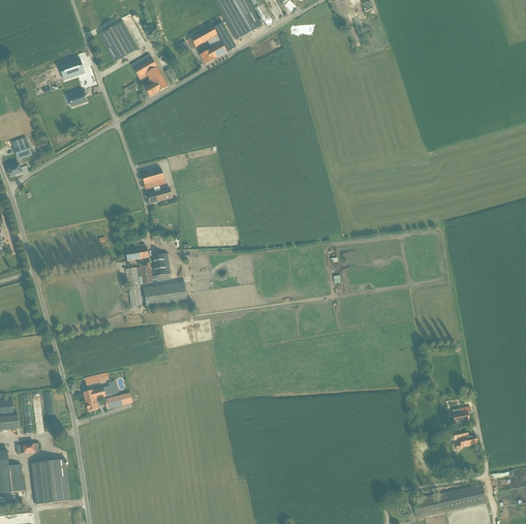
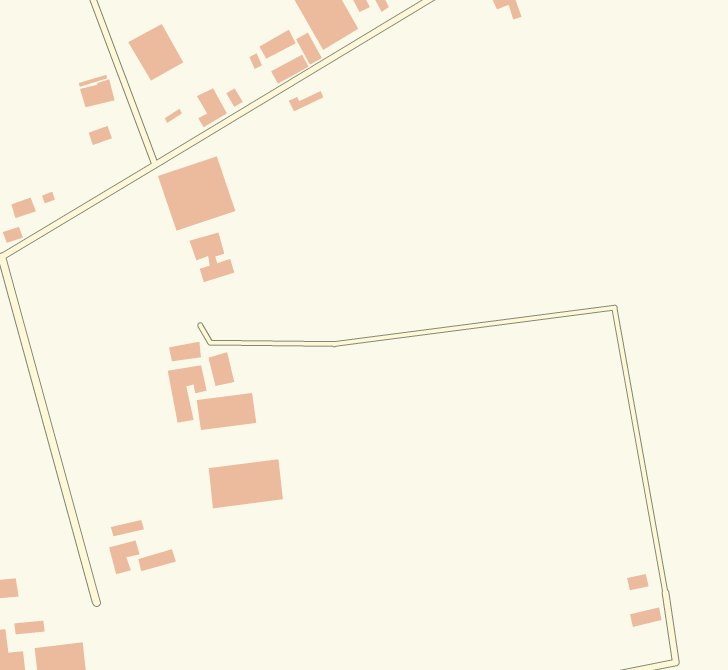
building: none -> [157,156,236,231]
building: none -> [208,459,283,509]

